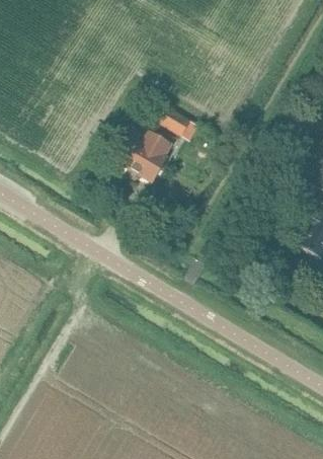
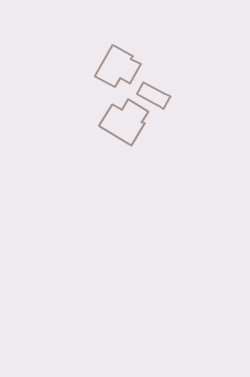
building: none -> [95,45,141,87]

